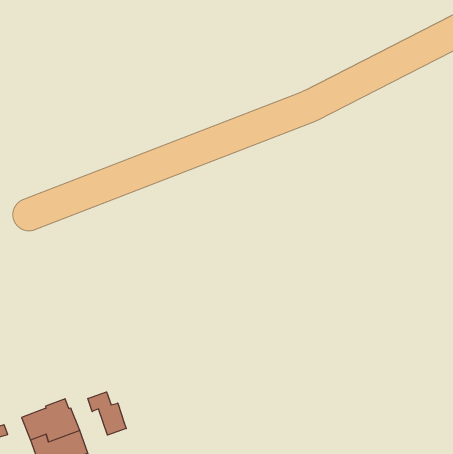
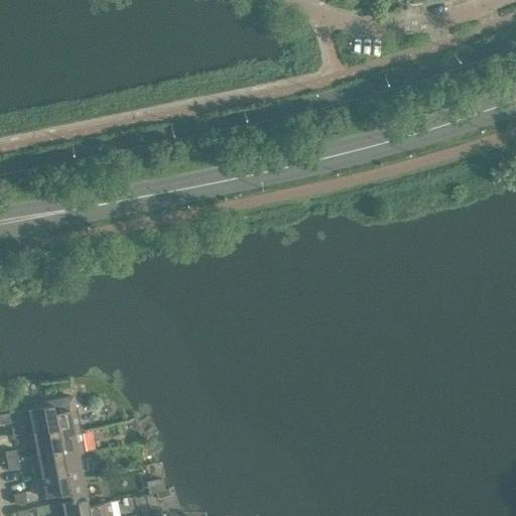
building: [88,392,126,435] -> none

